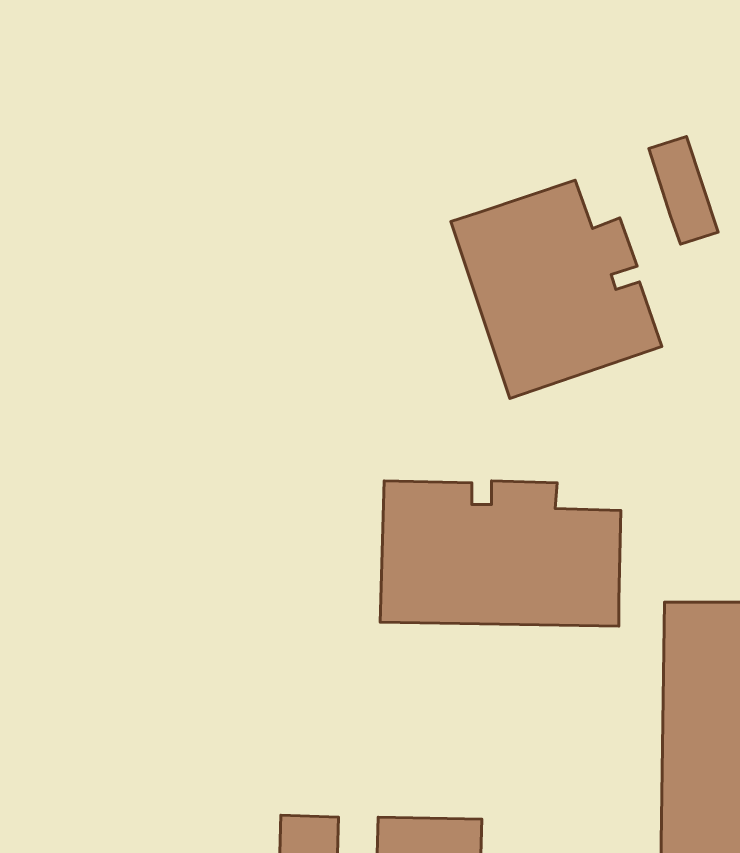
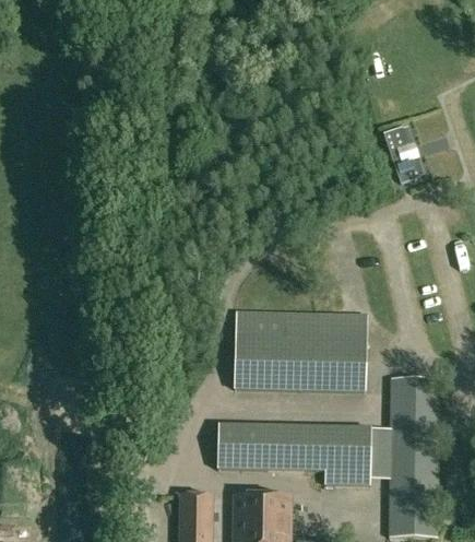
building: [451,180,662,398] -> none
building: none -> [217,423,370,486]

